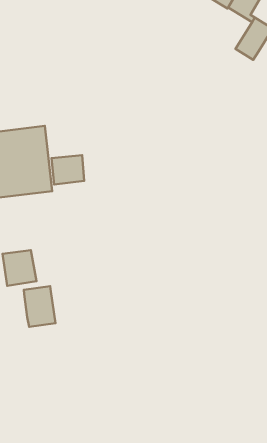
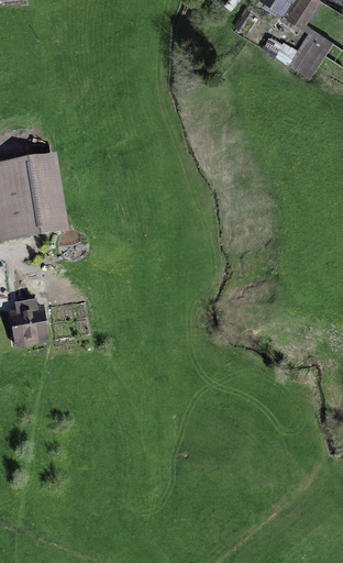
building: [51,155,84,184] -> none
building: [24,286,55,327] -> none

